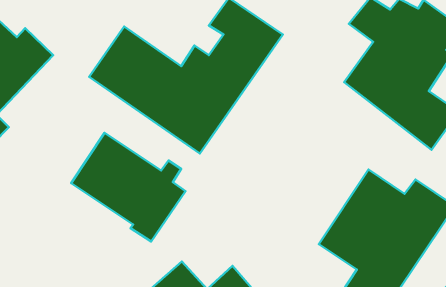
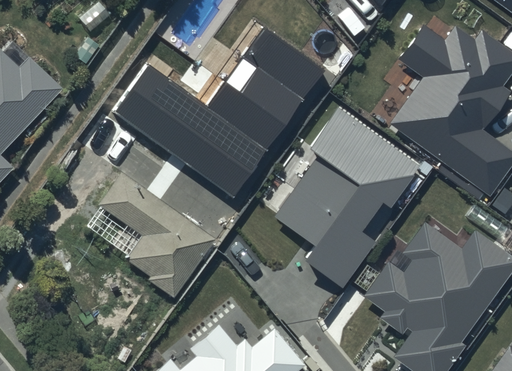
building: none -> [273,108,419,286]

